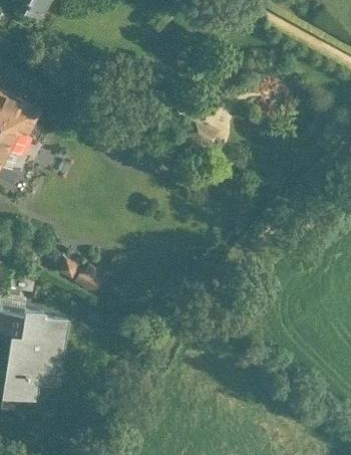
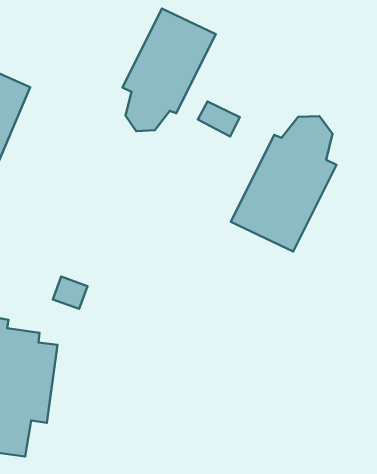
building: none -> [122,9,216,131]
building: none -> [231,116,336,252]

